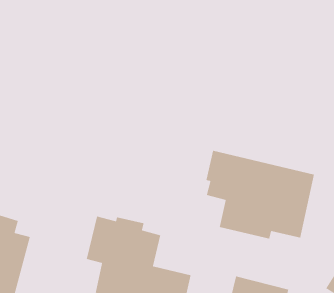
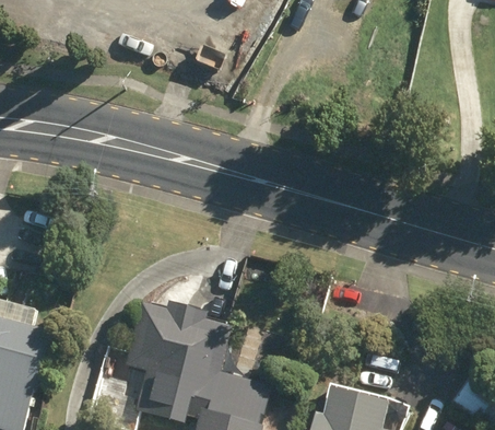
building: [206,150,315,239] -> none

